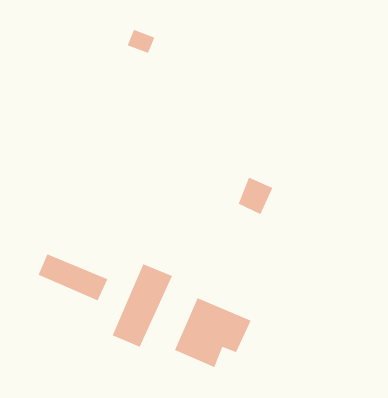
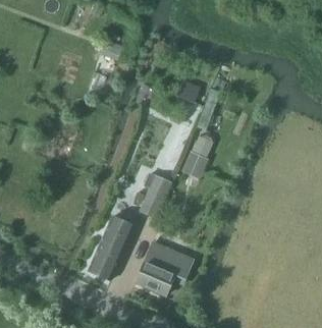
building: none -> [140,172,169,216]
building: [38,253,108,301] -> none

